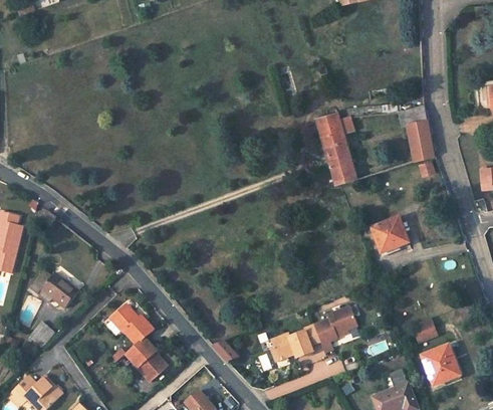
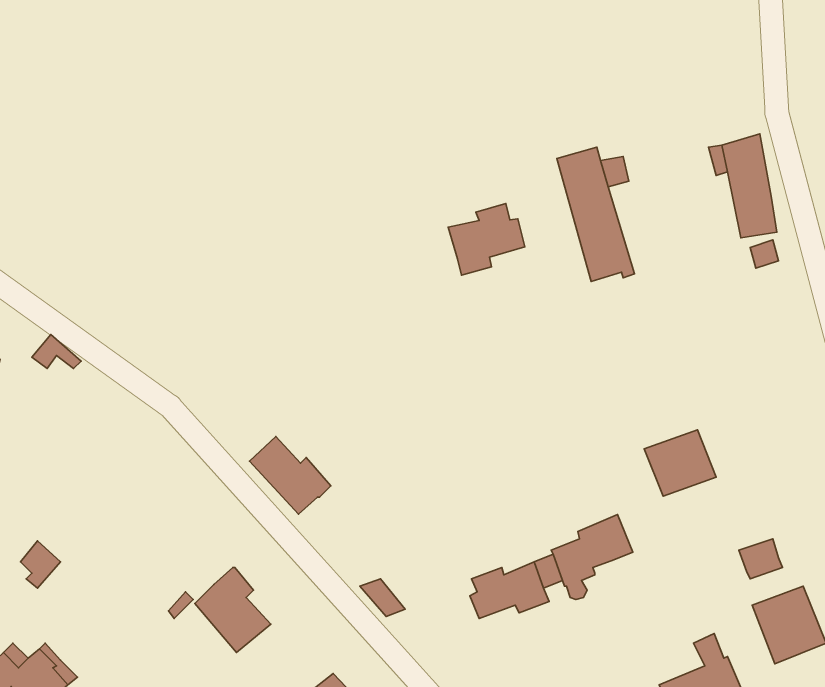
building: none -> [448,203,525,275]
building: [369,218,408,253] -> [644,430,716,496]
building: [31,271,77,309] -> none
building: [108,303,152,345] -> [249,437,331,514]

